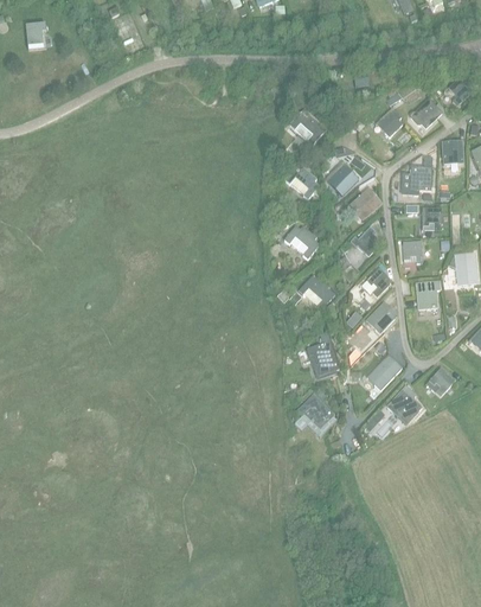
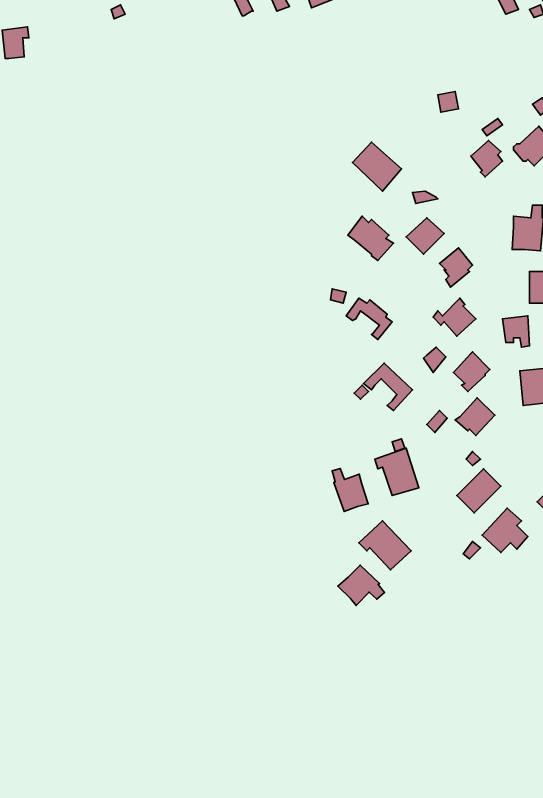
building: none -> [332,469,368,511]
building: none -> [338,565,384,605]

